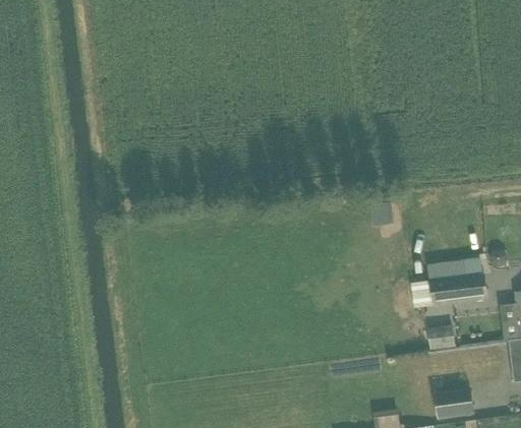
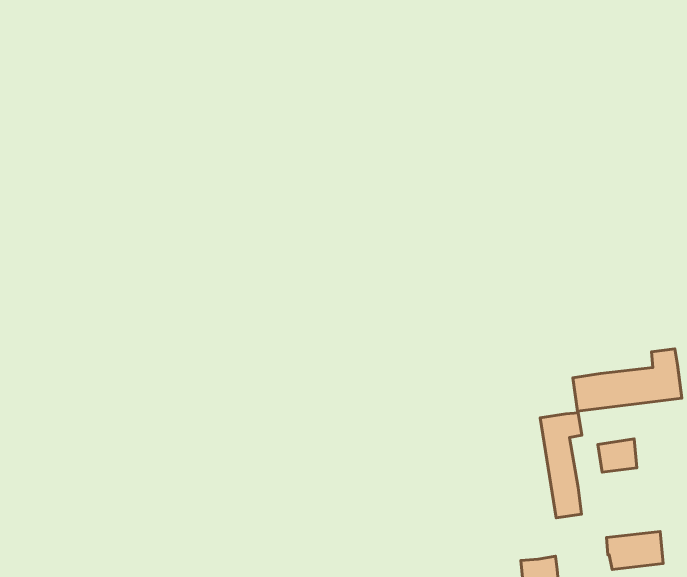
building: [428,260,467,281] -> none
building: none -> [540,413,582,518]

